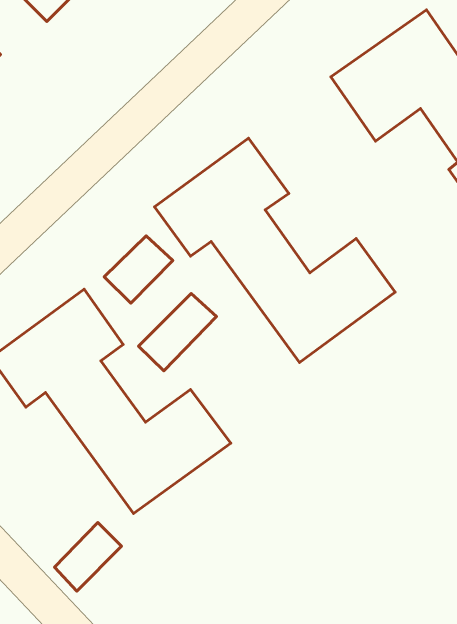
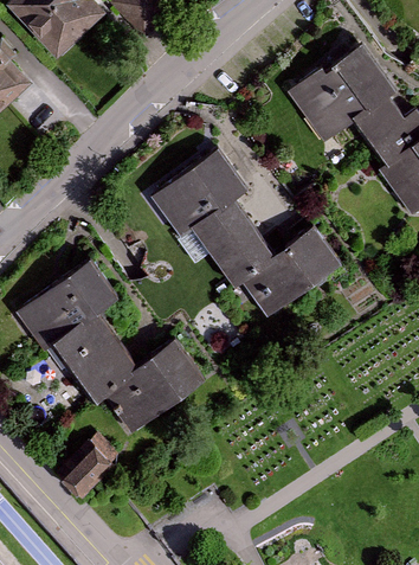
building: [104,236,173,303] -> none
building: [138,294,217,371] -> none

